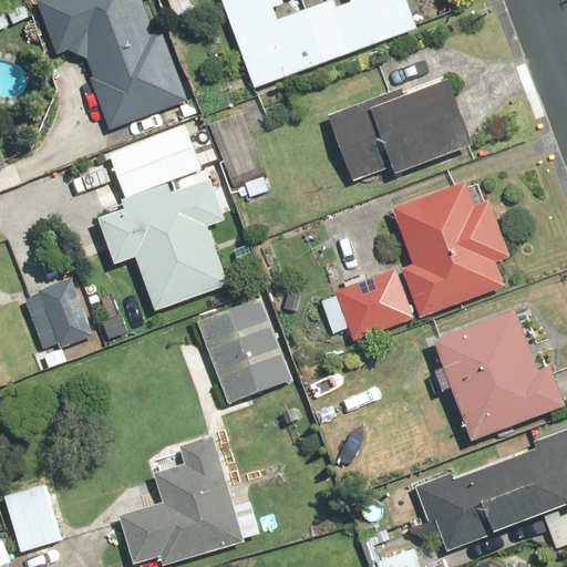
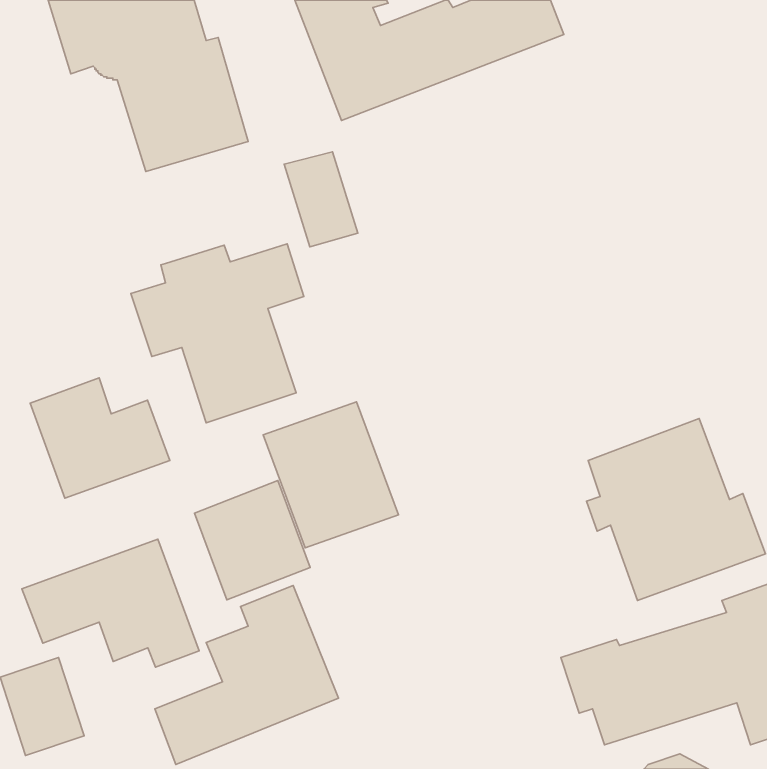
building: [331,80,468,178] -> none
building: [110,127,215,194] -> none
building: [324,182,507,340] -> none
building: none -> [194,481,310,600]
building: none -> [22,539,199,667]

